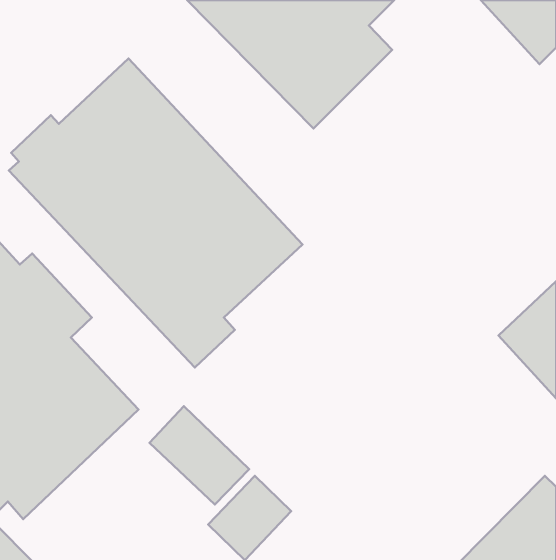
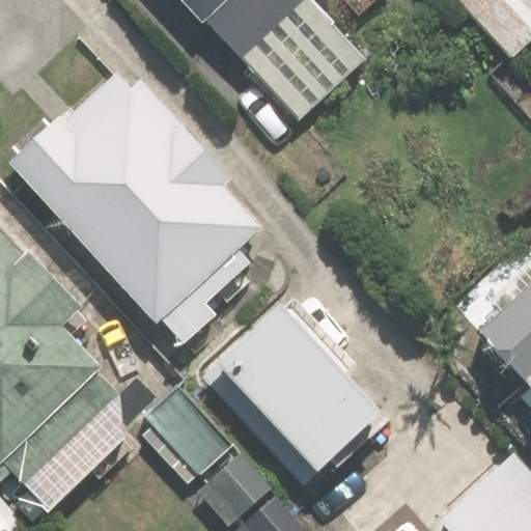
building: none -> [221,305,392,471]

